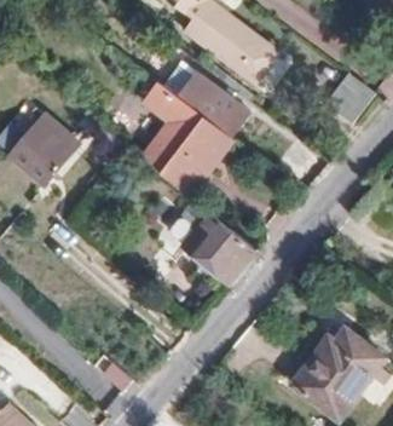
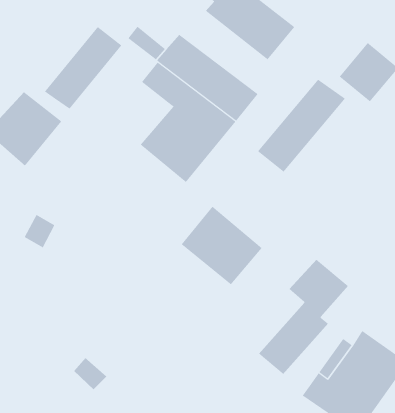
building: none -> [44,26,122,109]
building: none -> [257,79,345,173]
building: none -> [258,259,349,375]

